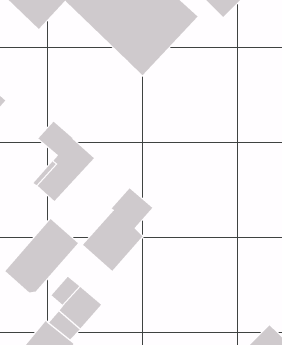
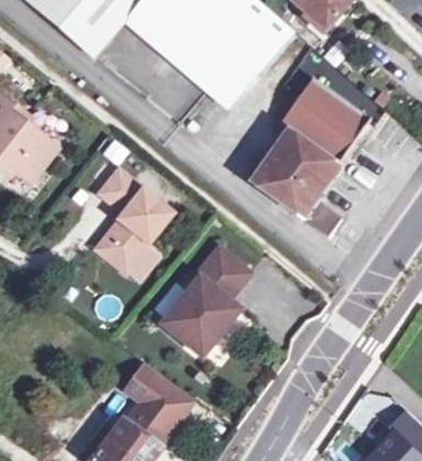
building: none -> [251,79,370,237]
building: [4,218,79,293] -> none

